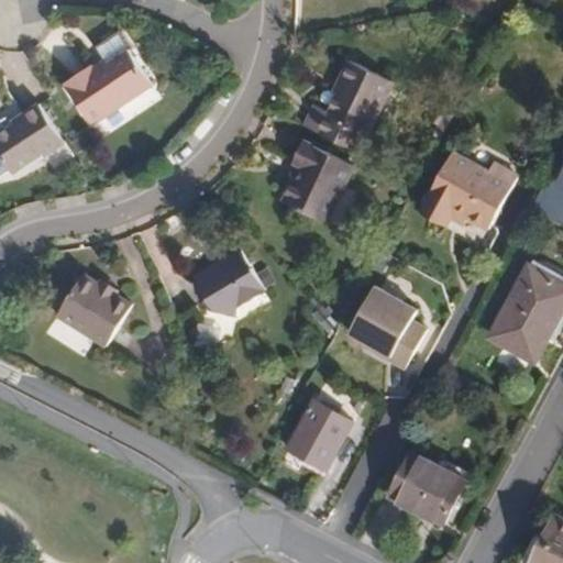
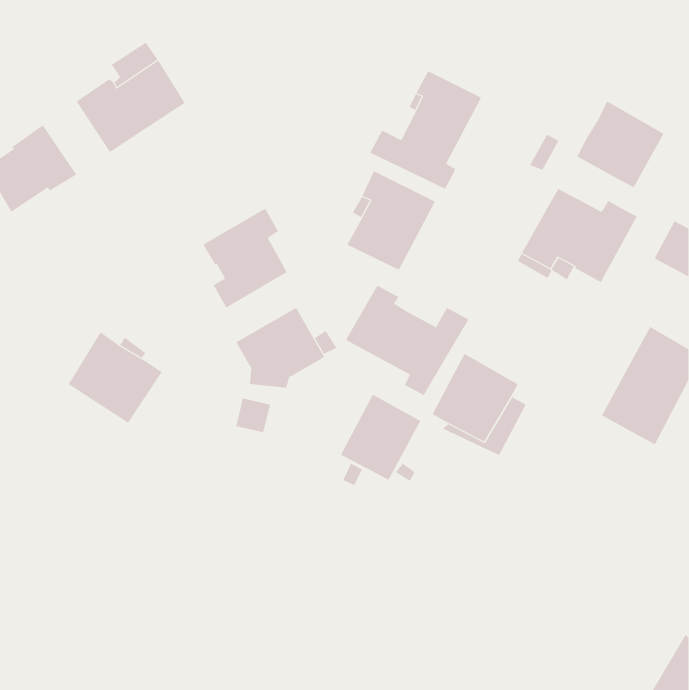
building: none -> [576,101,664,188]
building: none -> [203,208,288,309]
building: none -> [345,285,469,396]
building: [287,400,353,471] -> [340,394,421,480]
building: [387,452,465,526] -> none

